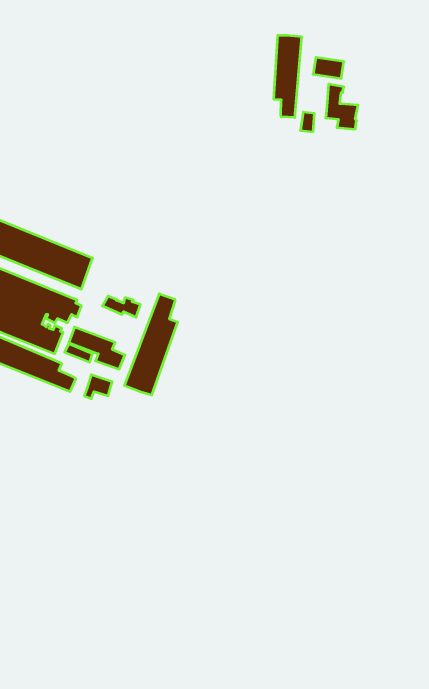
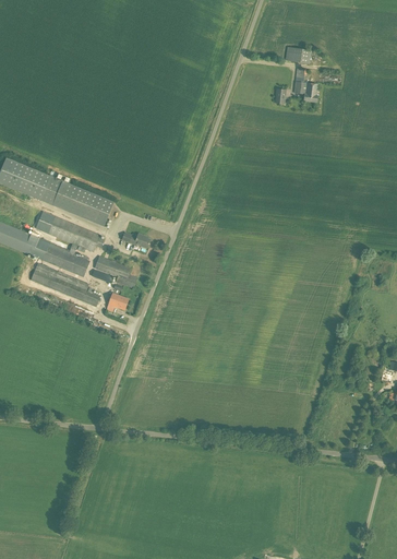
building: [274,35,301,118] -> none
building: [125,294,178,395] -> none

